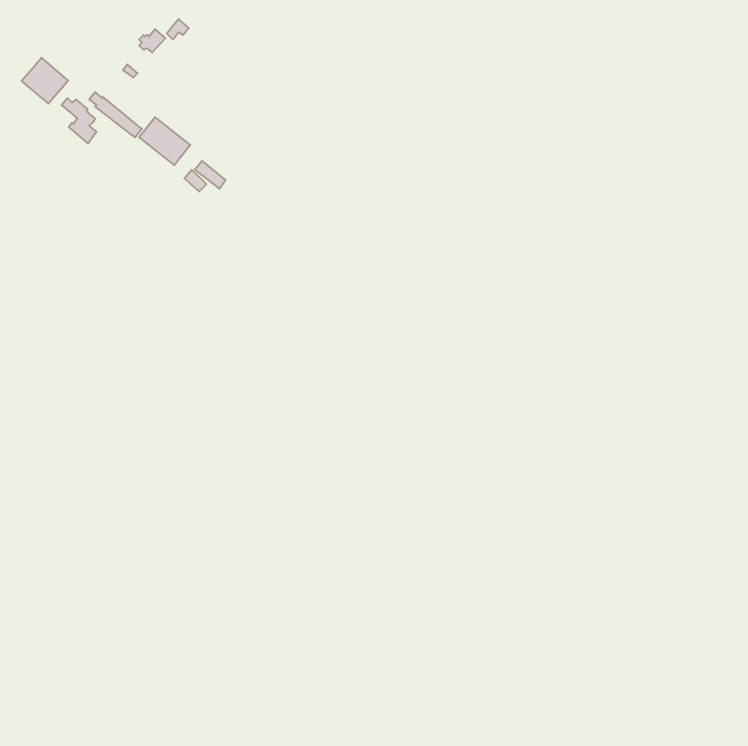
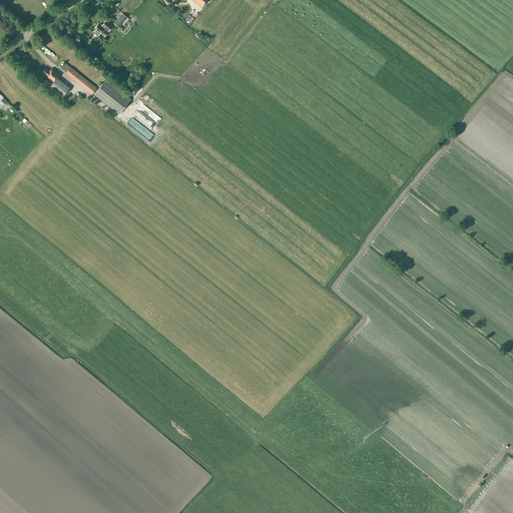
building: [22,58,68,104] -> none

